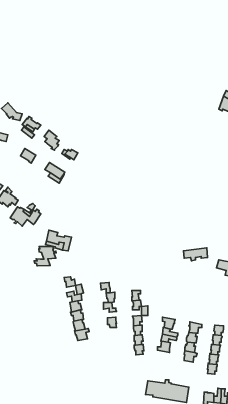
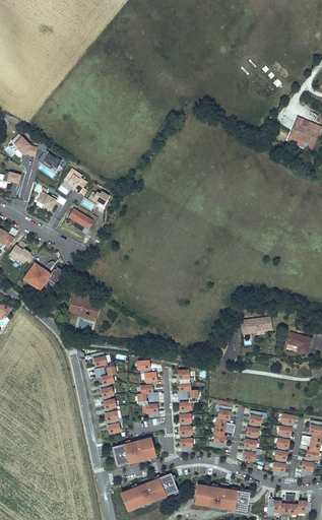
building: [34,246,56,266] -> none
building: none -> [113,438,156,466]
building: none -> [122,473,178,509]

